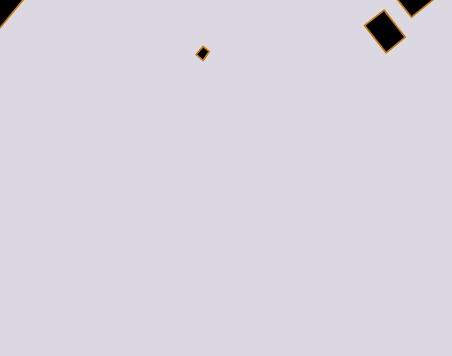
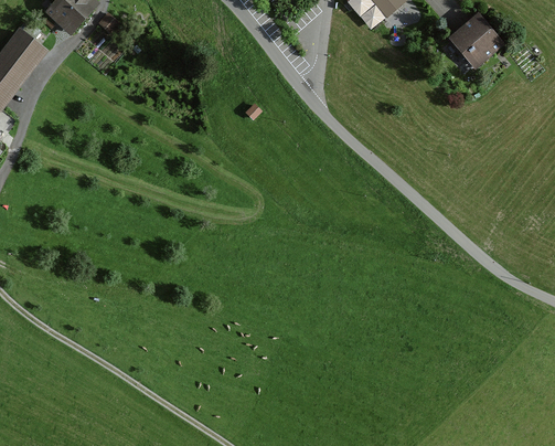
building: [364,10,405,53] -> none

